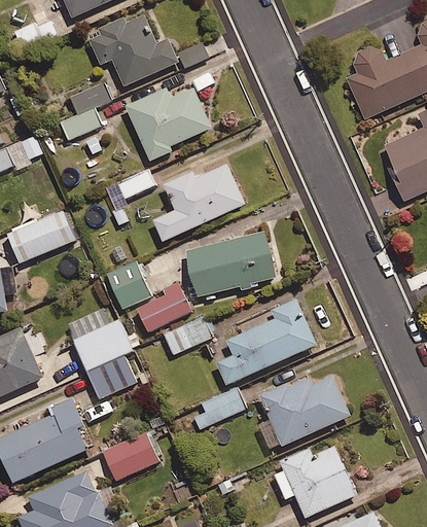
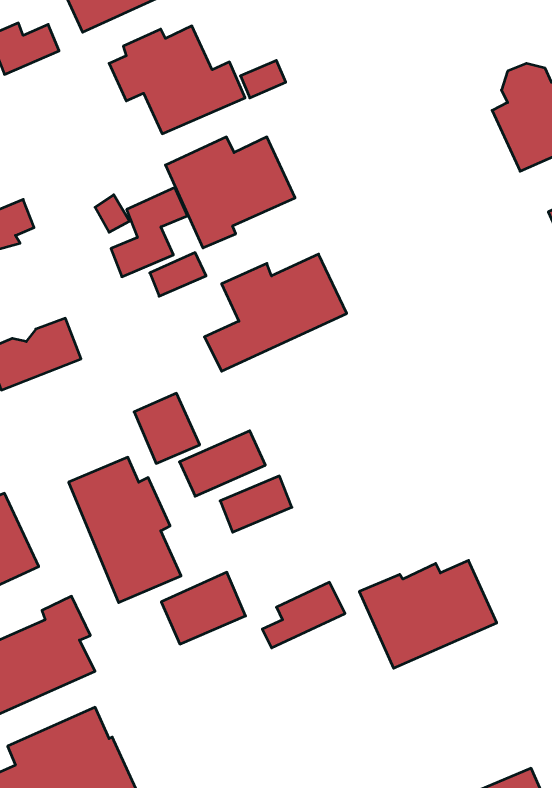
building: [62,82,112,141] -> [111,188,187,277]
building: [183,230,274,295] -> none
building: [213,297,315,386] -> none
building: [105,433,161,481] -> [161,572,246,644]
building: [272,445,356,518] -> none

